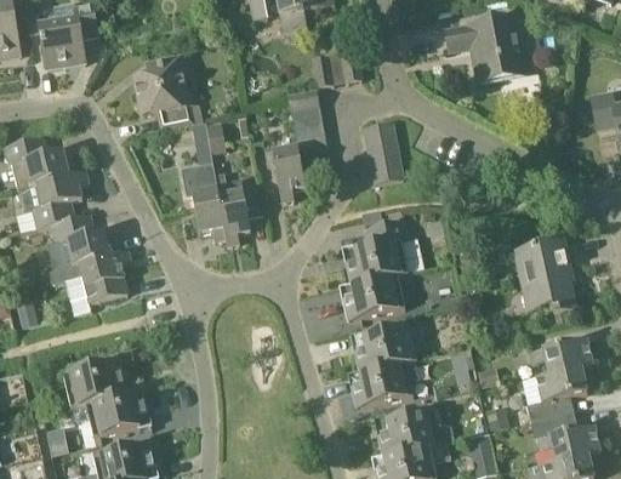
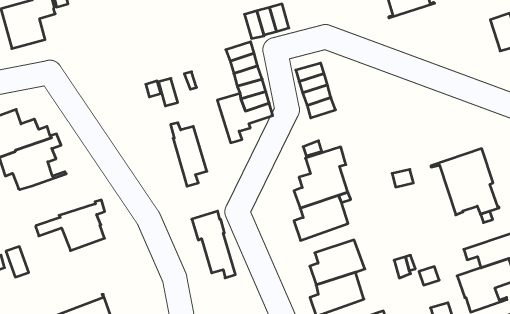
building: [135,57,193,129] -> none
building: [183,164,226,240] -> [192,211,235,278]
building: [50,216,121,272] -> none

